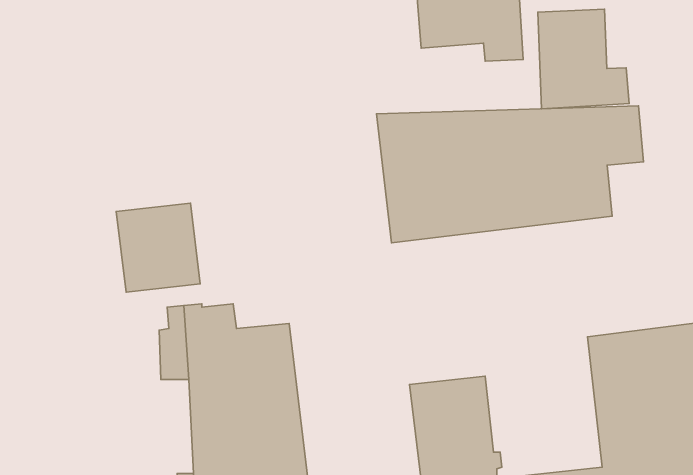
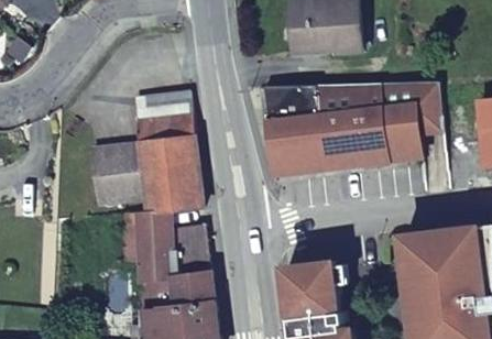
building: [538,9,629,109] -> none
building: none -> [133,94,201,216]

